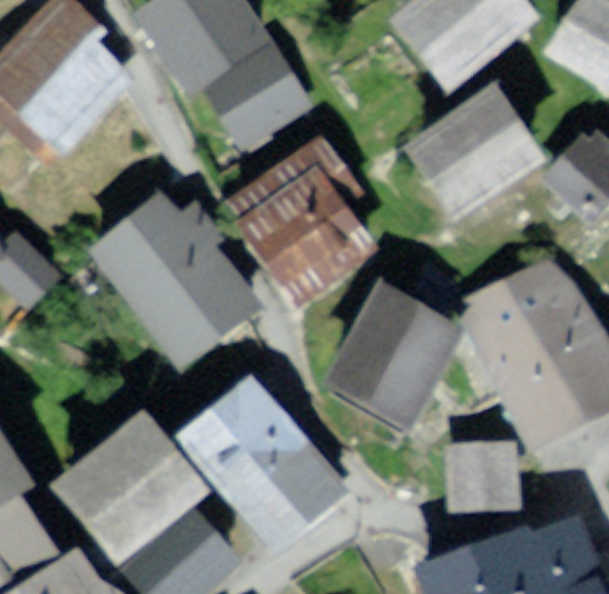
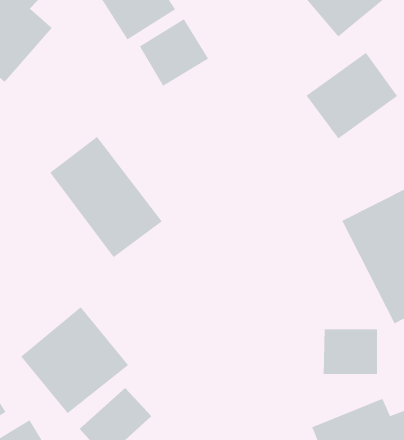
building: [254,167,374,287] -> none
building: [341,290,459,415] -> none
building: [193,381,332,524] -> none

